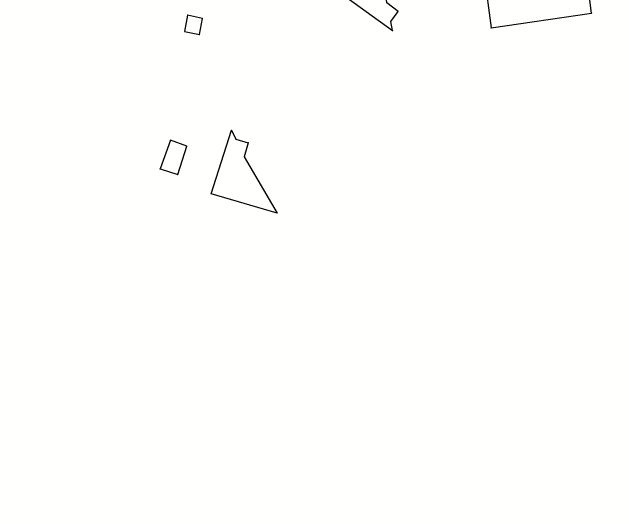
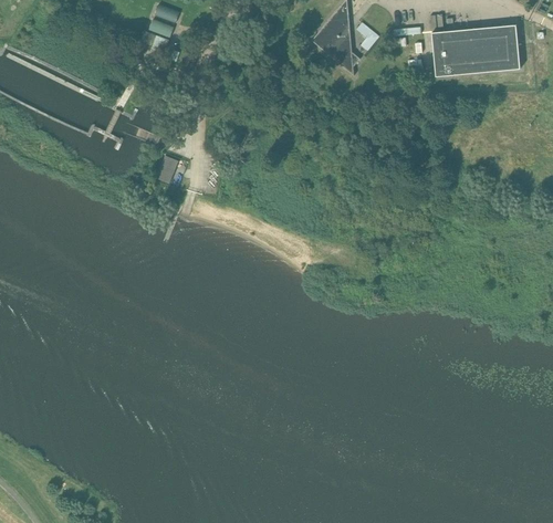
building: [211,130,277,213] -> none

